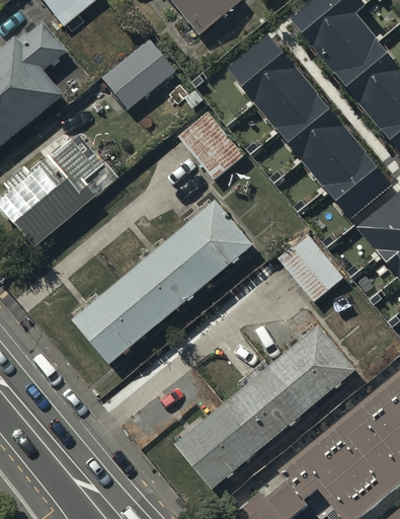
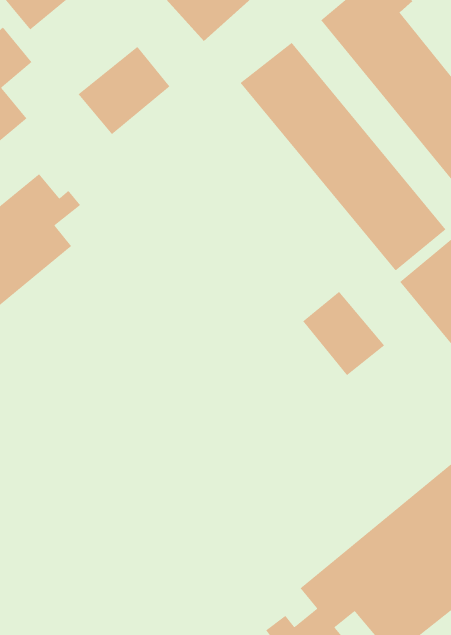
building: [178,113,244,180] -> none
building: [72,199,253,363] -> none
building: [175,323,355,488] -> none

